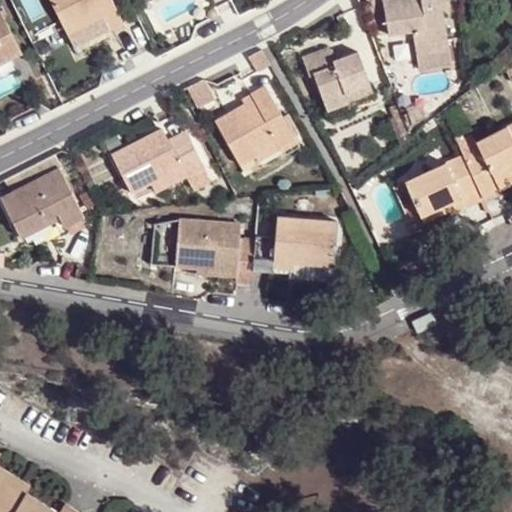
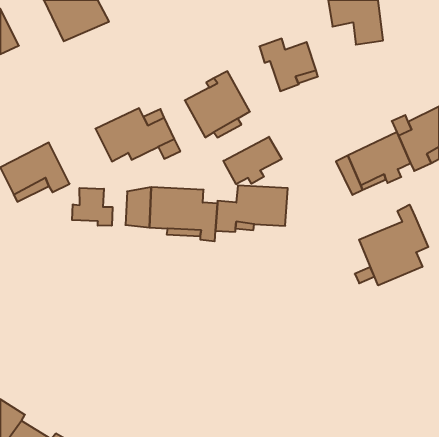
building: none -> [223,137,282,184]
building: none -> [72,188,112,226]
building: none -> [359,205,428,285]

